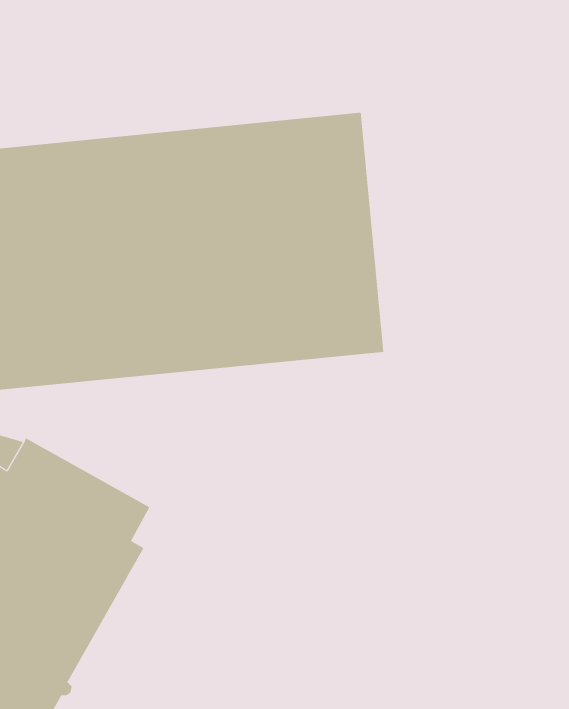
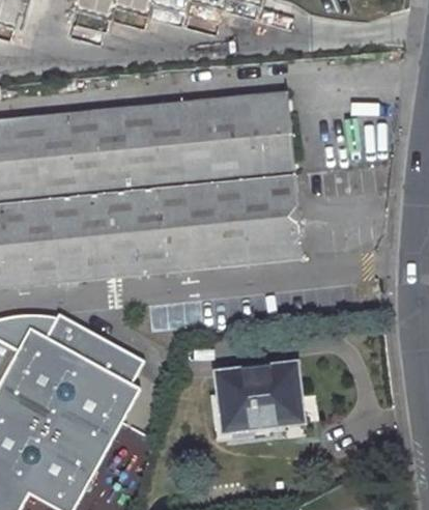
building: none -> [217,365,301,428]

